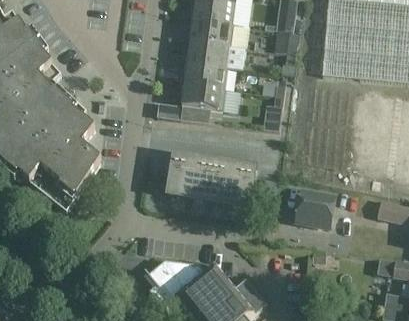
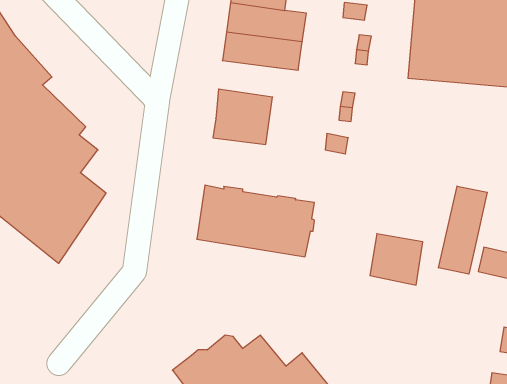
building: [183,62,226,89] -> none
building: none -> [439,186,487,274]

